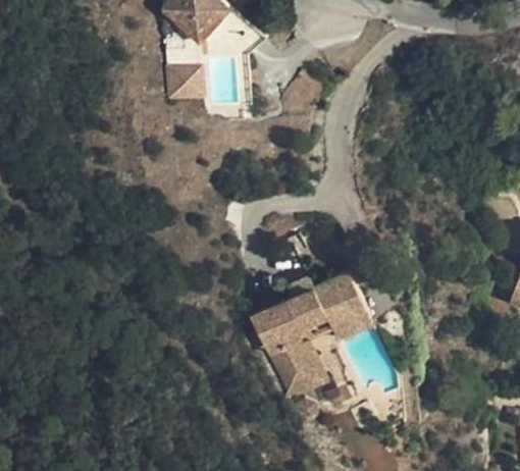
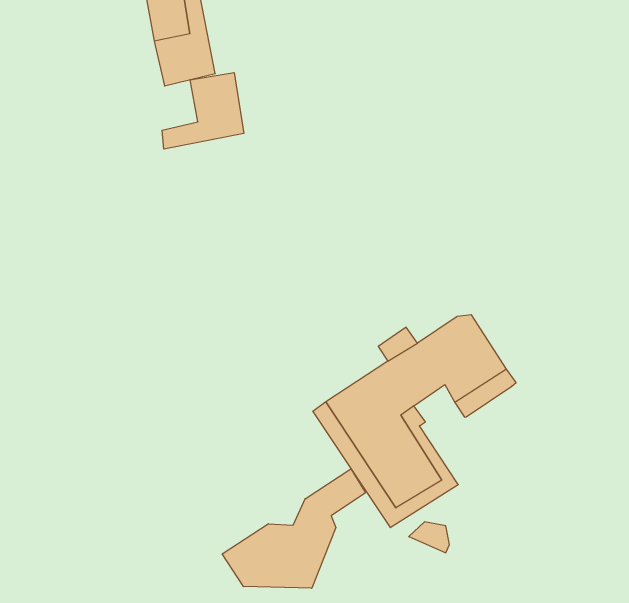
building: none -> [162,73,244,149]
building: none -> [222,469,365,588]

